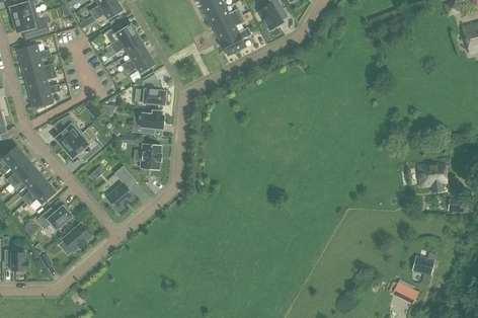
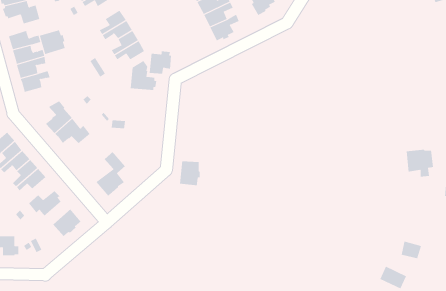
building: none -> [39,30,66,55]
building: [140,110,163,134] -> [149,51,172,74]
building: [140,144,161,169] -> [179,161,200,186]

